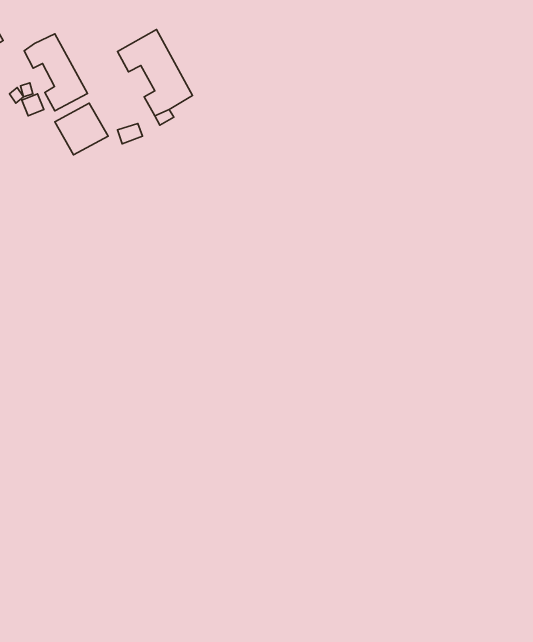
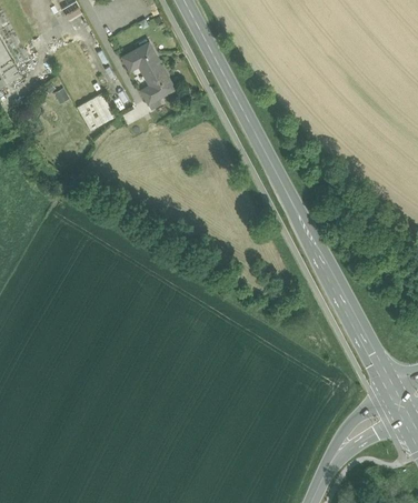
building: [24,34,87,111] -> none

